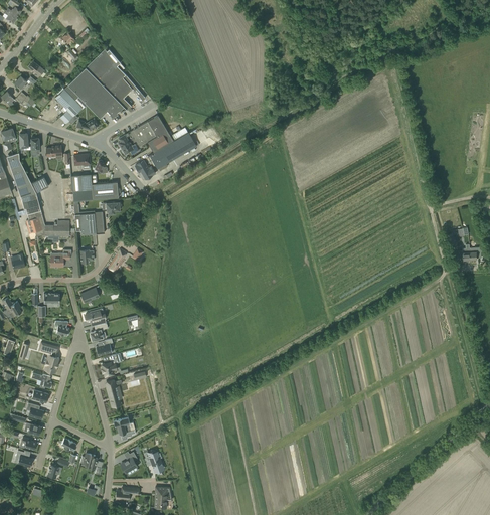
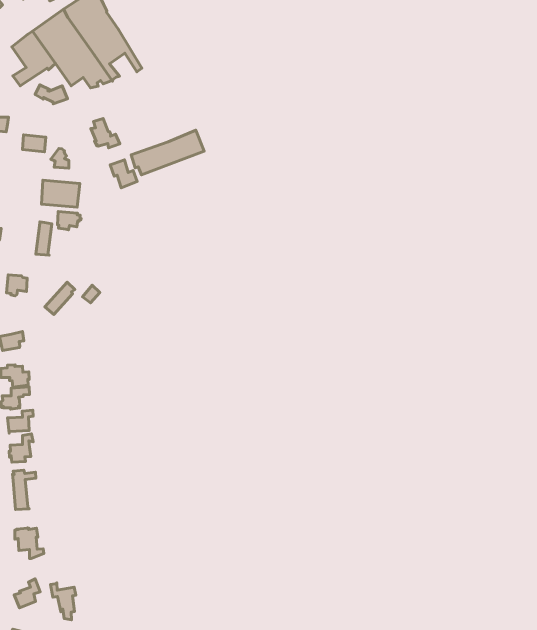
building: [130,116,188,153] -> none
building: [72,174,94,201] -> none
building: [74,213,96,235] -> none

